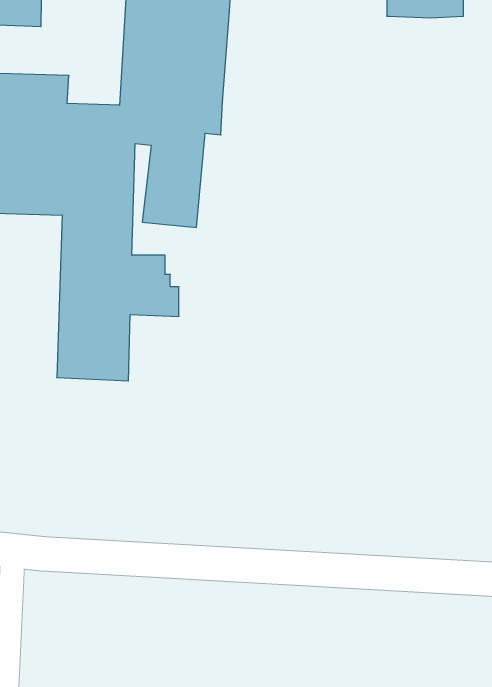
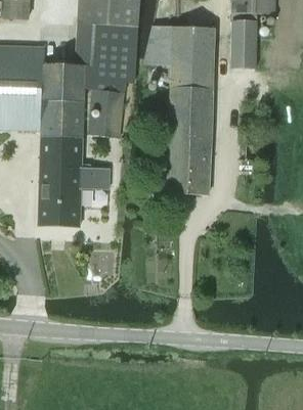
building: none -> [232,12,258,66]
building: none -> [144,25,215,192]

